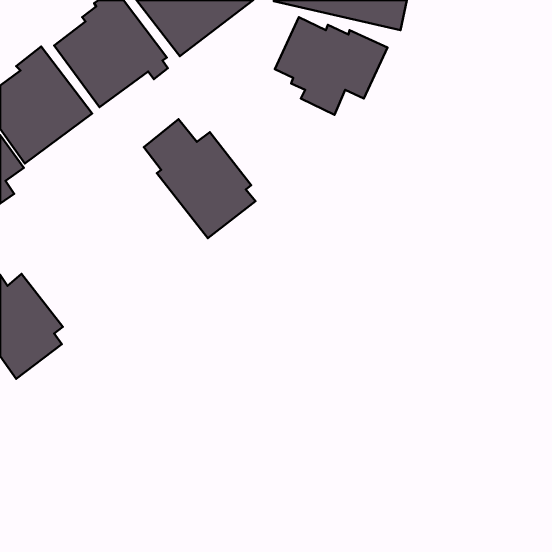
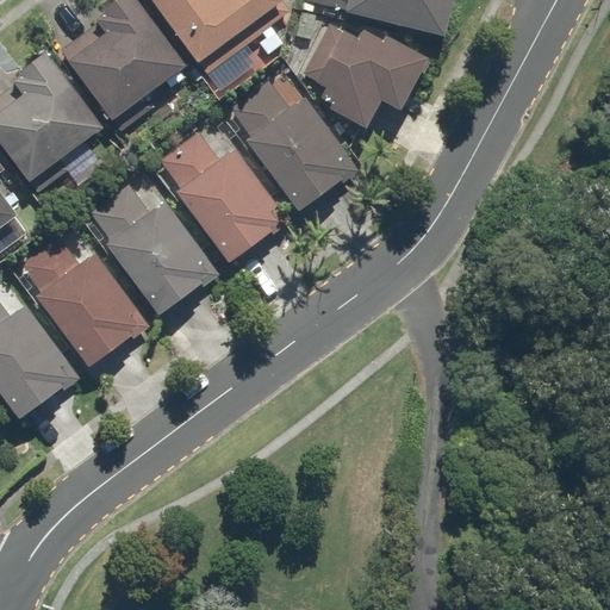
building: none -> [231,82,350,210]
building: none -> [92,187,210,315]
building: none -> [21,238,139,366]

